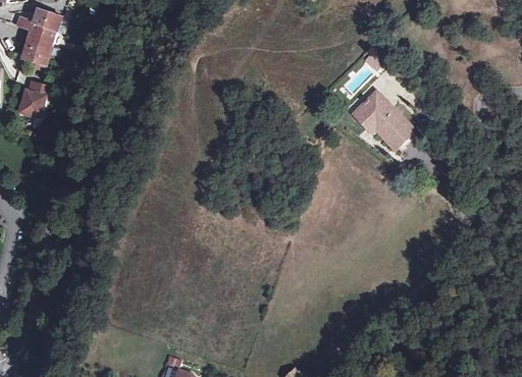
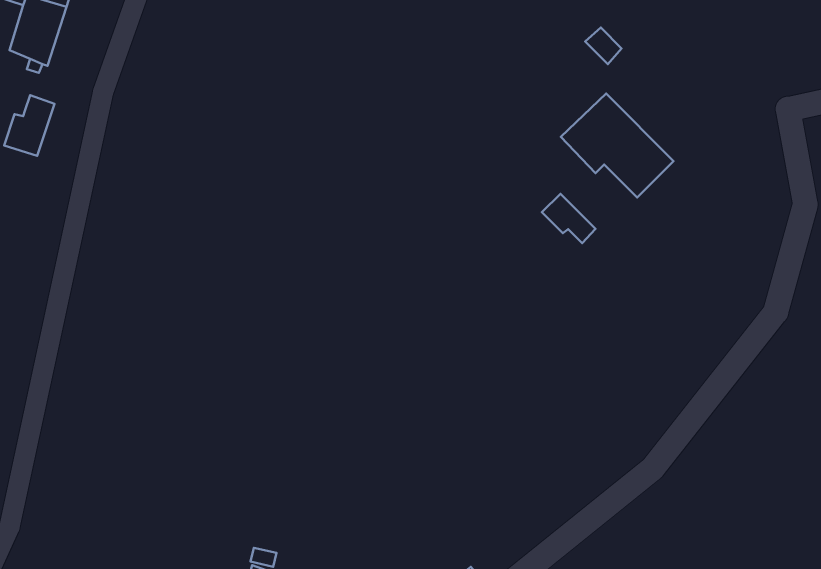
building: none -> [542,194,595,243]

